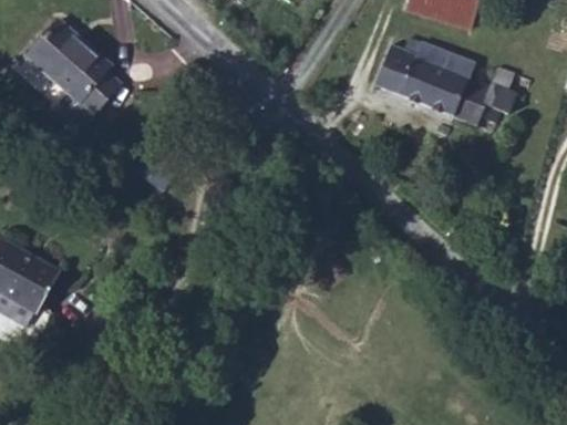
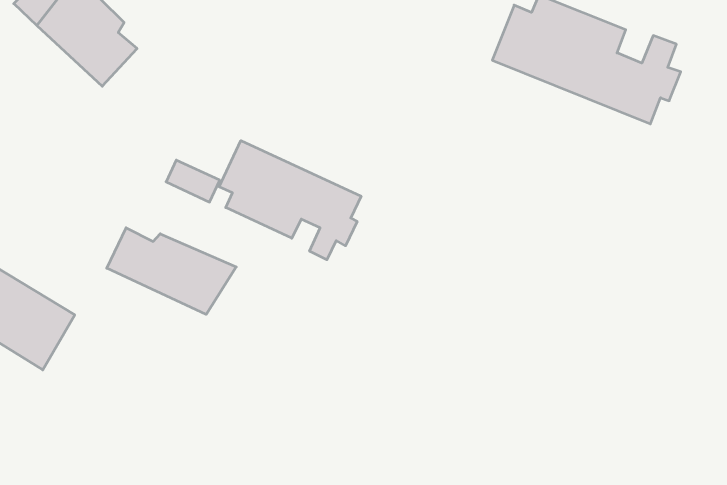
building: none -> [219,141,361,260]
building: none -> [107,228,236,314]

